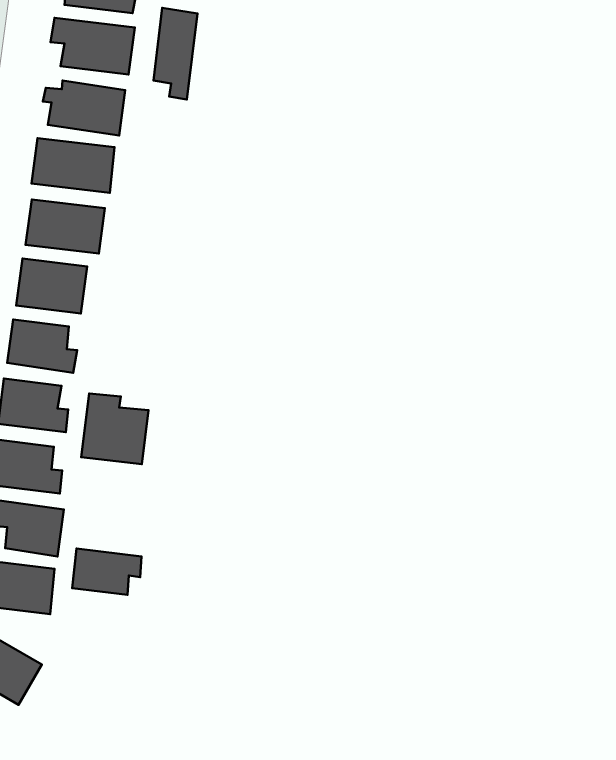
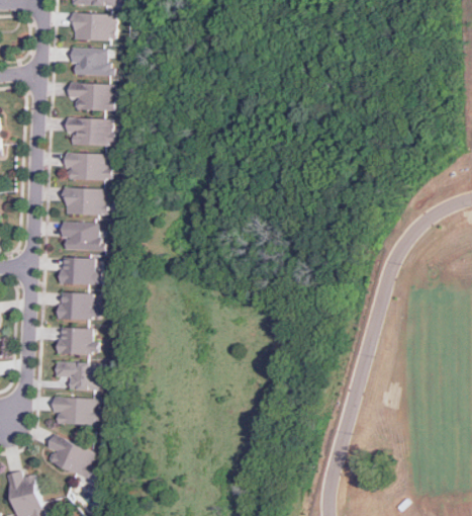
building: [154,8,197,99] -> none
building: [81,393,148,464] -> none
building: [72,549,142,595] -> none

